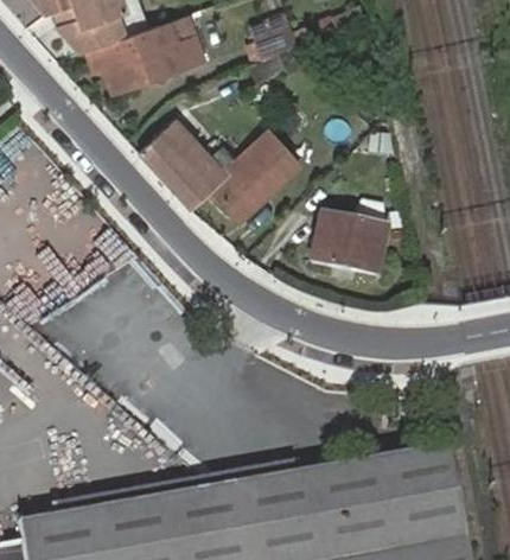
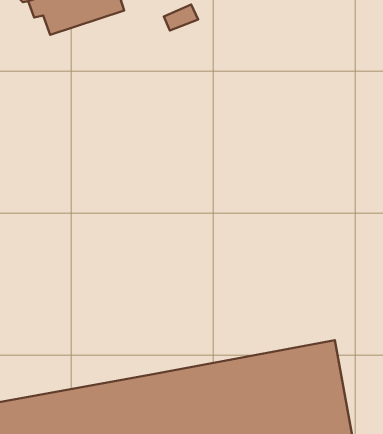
building: [139,120,299,218] -> none
building: [308,215,382,275] -> none

